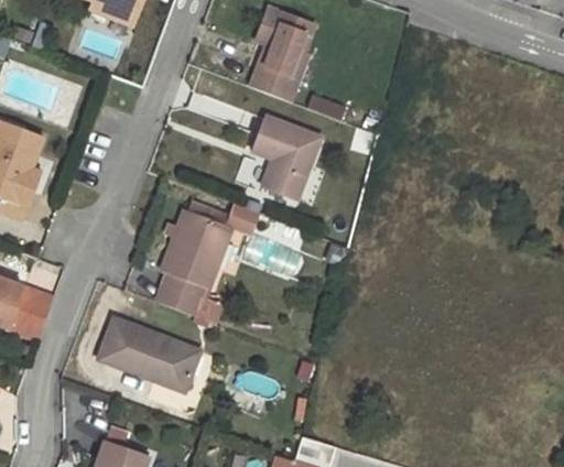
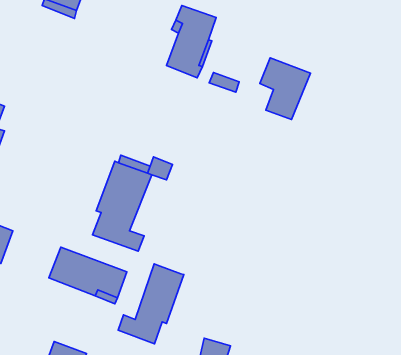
building: [254,117,319,196] -> [260,58,310,120]
building: none -> [118,264,184,344]

